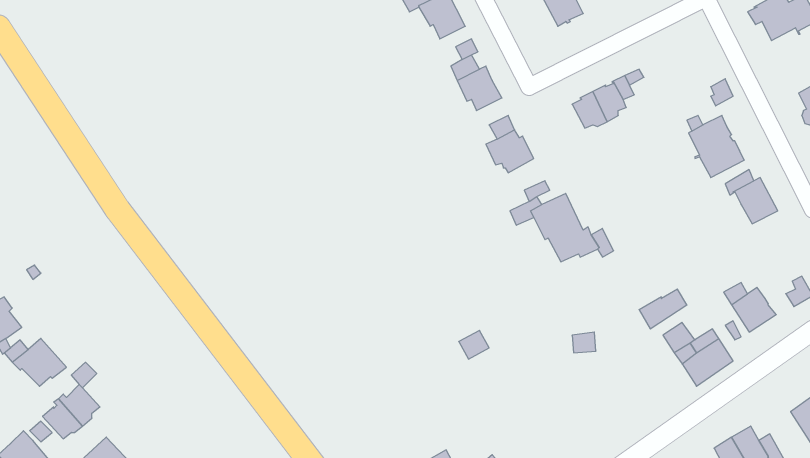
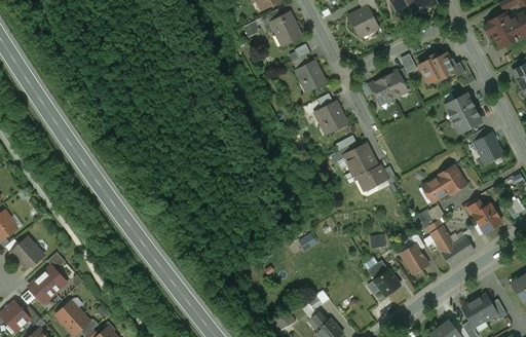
building: none -> [418,53,455,84]
building: none -> [421,166,465,201]
building: none -> [400,245,428,271]
building: none -> [365,261,399,296]

